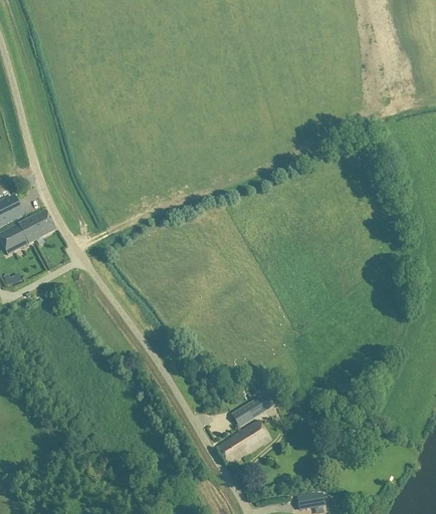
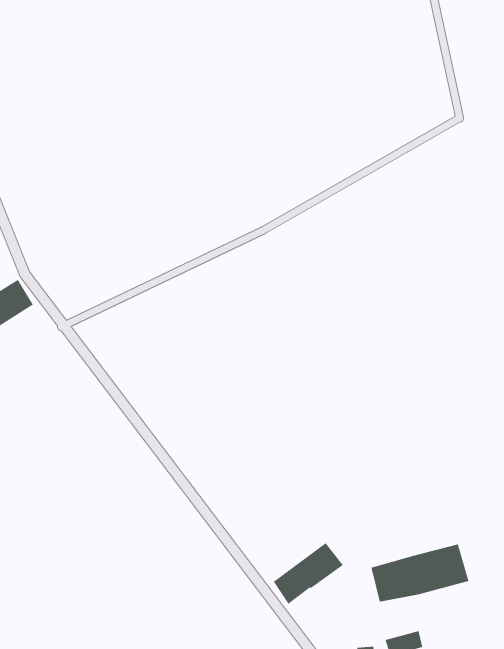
building: [230,392,274,427] -> none
building: none -> [371,544,469,602]

